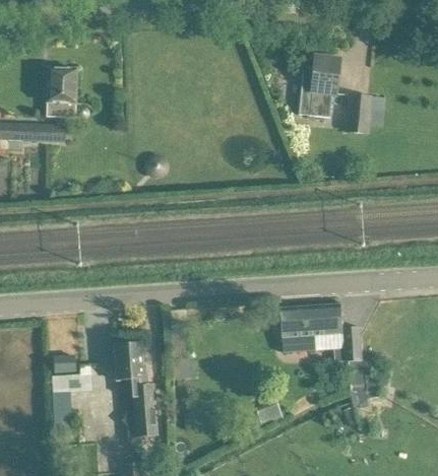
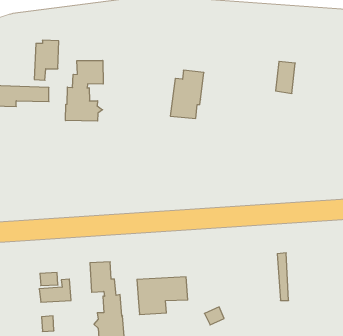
building: [299,56,340,116] -> [170,70,204,118]
building: none -> [66,60,103,121]
building: [279,304,342,351] -> [137,277,188,315]

